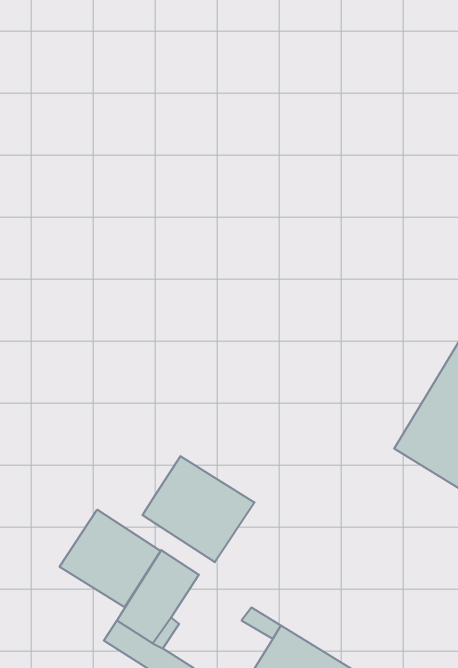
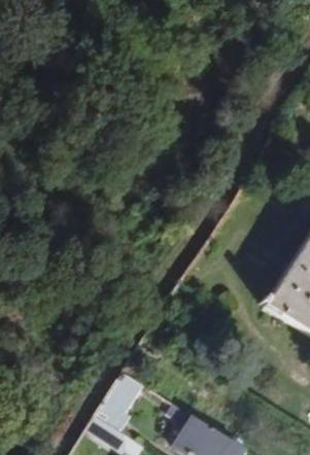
building: [142,456,255,562] -> none
building: [60,510,161,607] -> none

